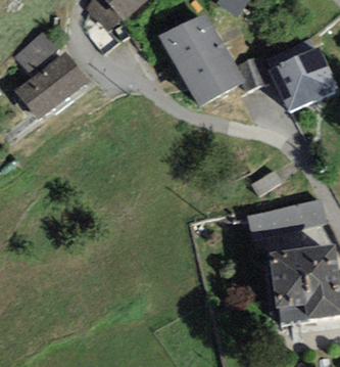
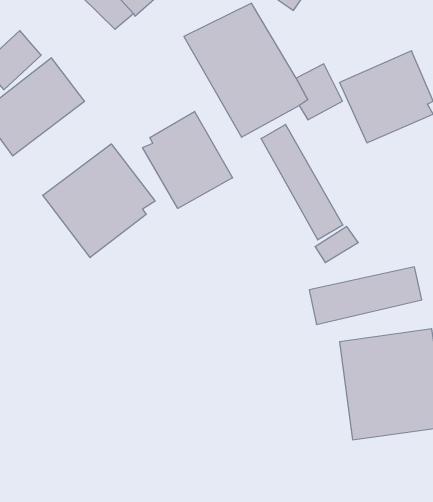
building: none -> [143,111,233,208]
building: none -> [261,124,343,240]
building: none -> [43,144,155,258]

